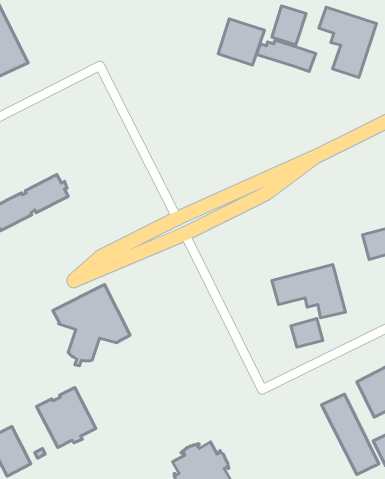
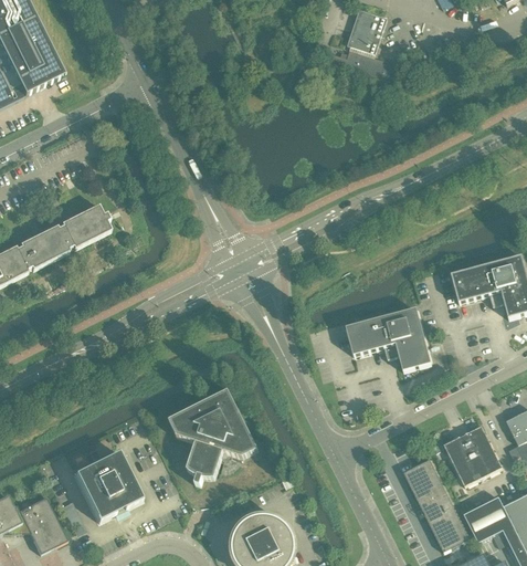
building: [319,7,377,77] -> none
building: [218,19,264,65] -> none
building: [53,285,130,366] -> [168,389,257,483]
building: [291,318,323,347] -> none

